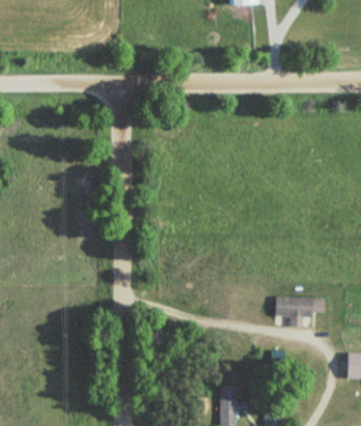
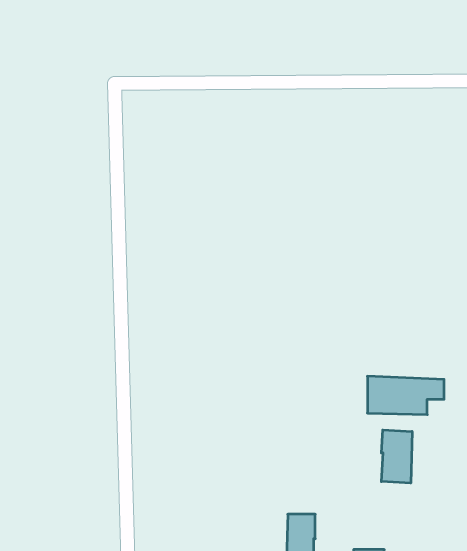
building: none -> [381,430,412,483]

